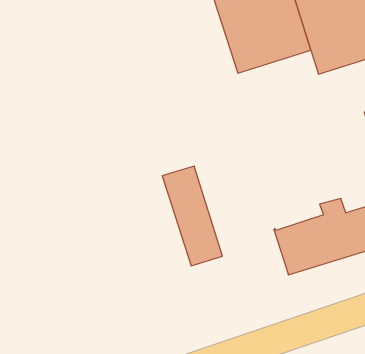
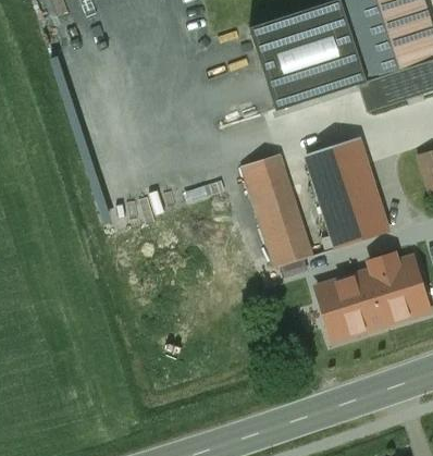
building: none -> [306,137,386,246]
building: [162,166,222,266] -> [242,152,309,264]

